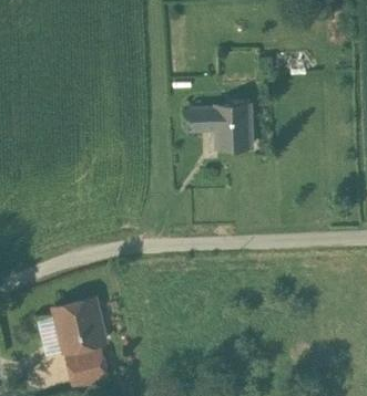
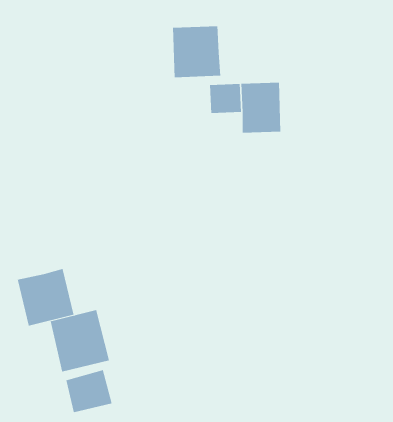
building: none -> [173,25,221,78]
building: none -> [17,268,74,326]

